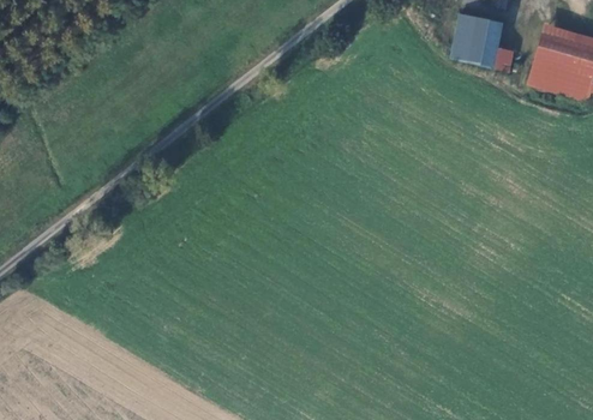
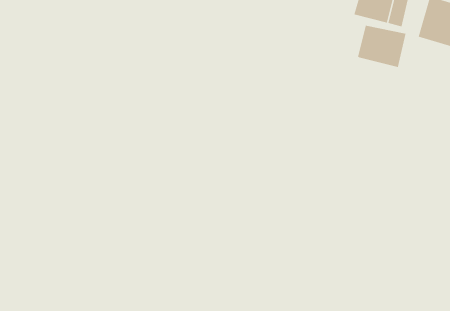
building: none -> [357,25,406,68]

